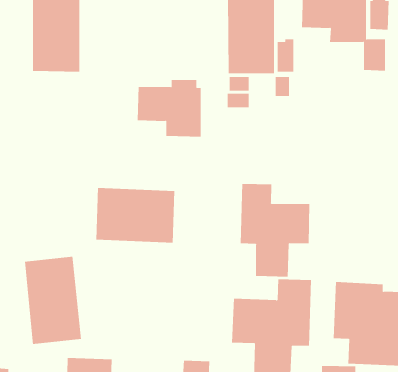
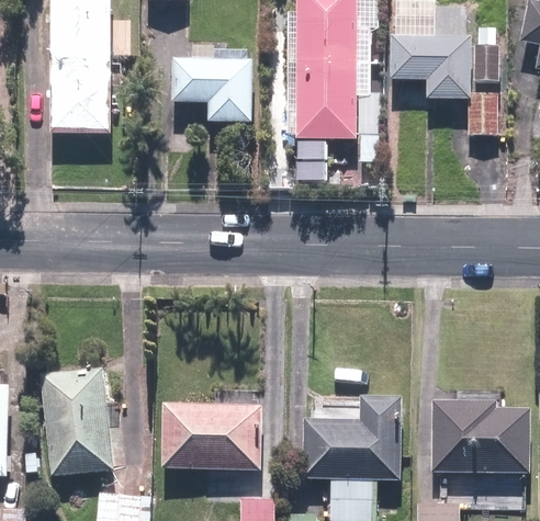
building: [137,80,201,137] -> [171,48,252,121]
building: [240,183,310,277] -> none
building: [96,187,175,243] -> [161,399,261,469]

